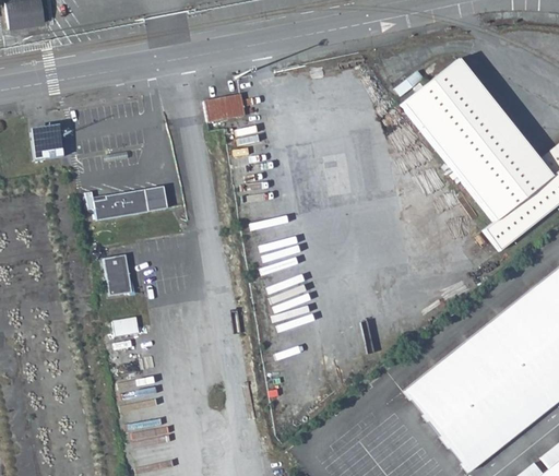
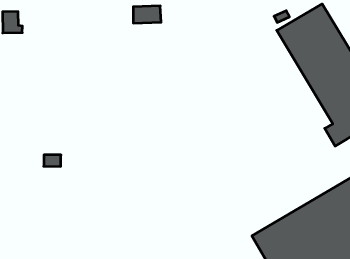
building: [97,183,169,217] -> none
building: [106,254,134,295] -> none

